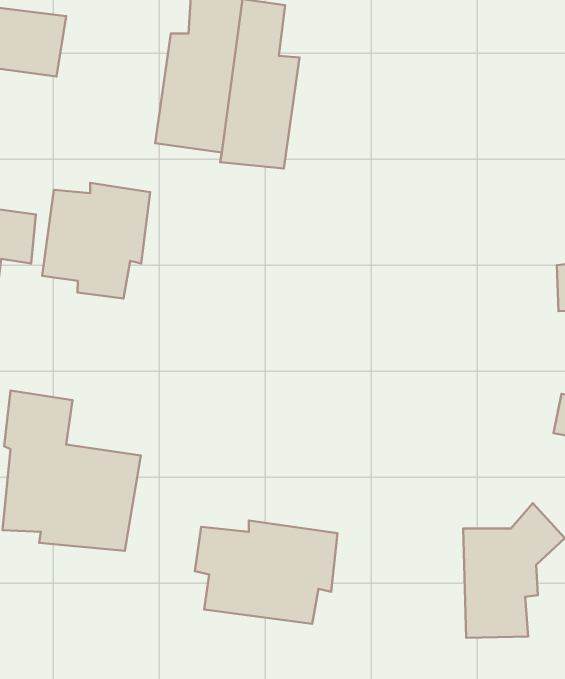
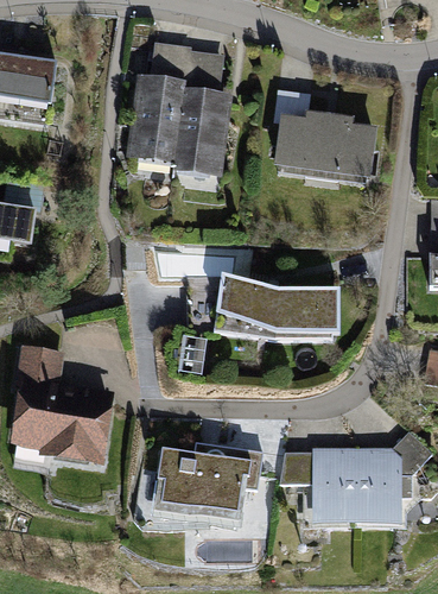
building: none -> [275,112,377,183]
building: [42,183,150,298] -> none
building: none -> [215,274,338,335]
building: none -> [280,444,358,529]

